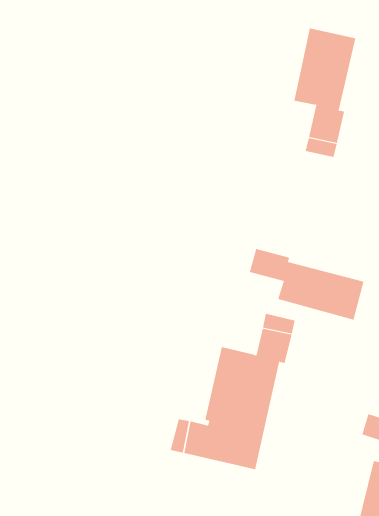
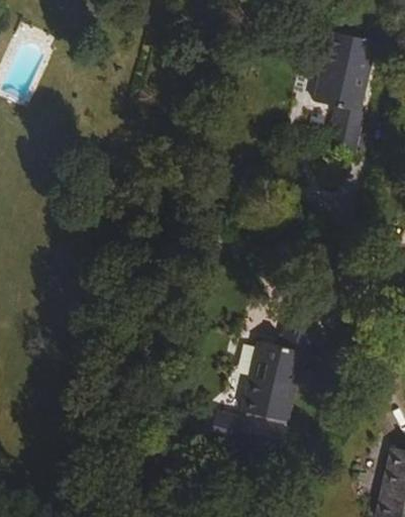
building: [249,248,364,320] -> none

